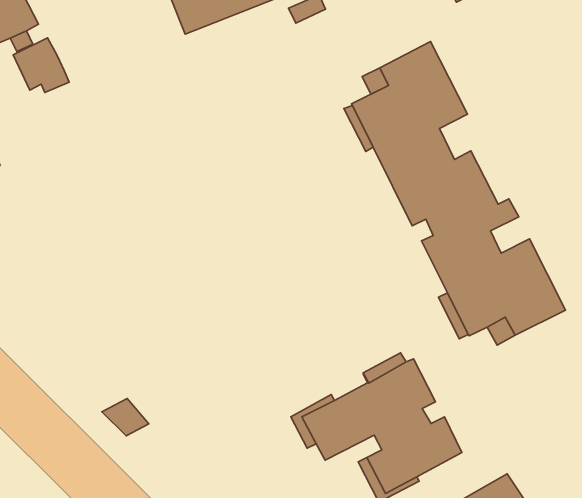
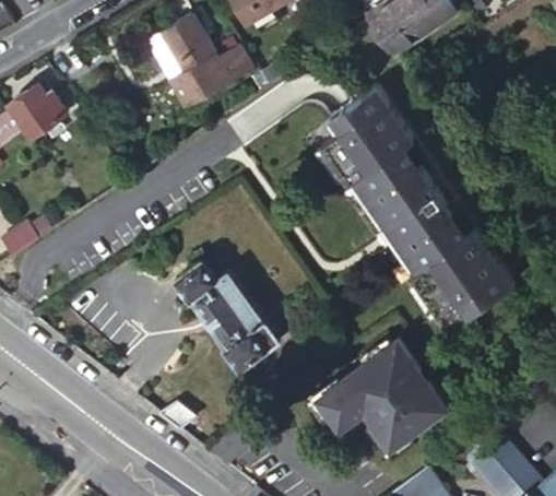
building: [13,38,69,92] -> none
building: none -> [176,257,280,373]

